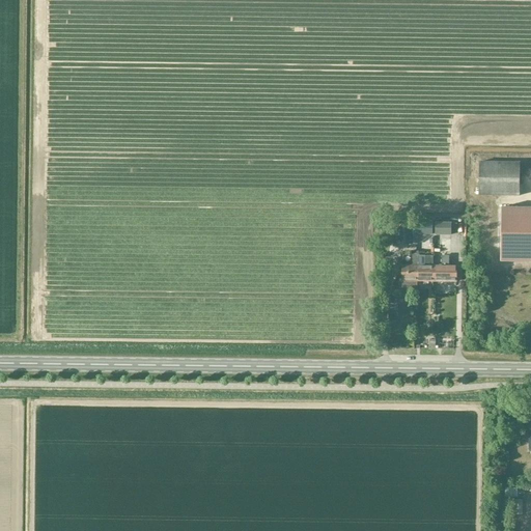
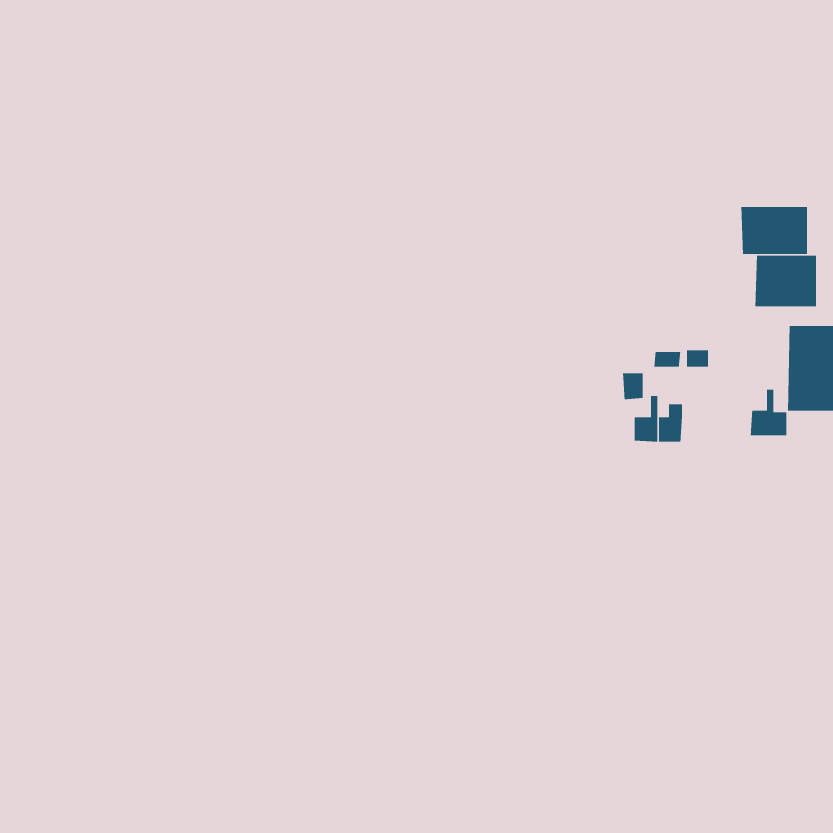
building: none -> [740,206,808,255]
building: [434,251,457,281] -> [750,389,787,436]

